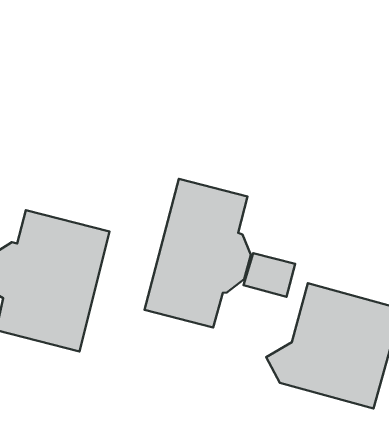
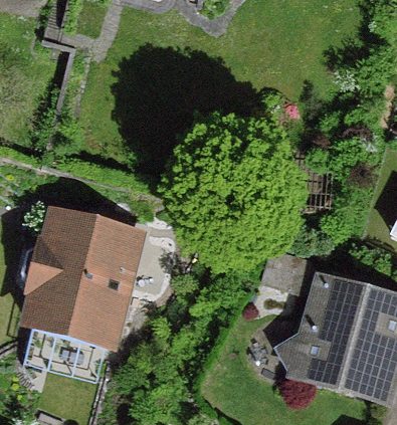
building: [145,179,251,328] -> none

